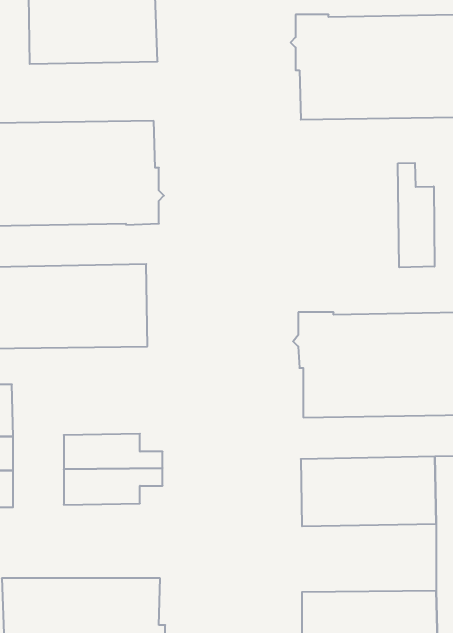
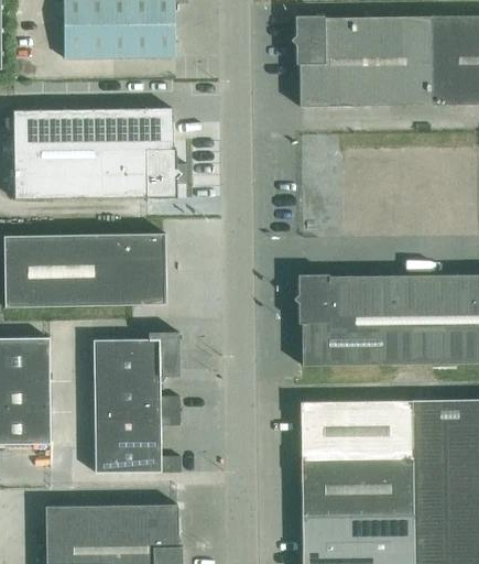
building: [398,163,434,267] -> none
building: none -> [92,333,179,381]
building: none -> [94,441,181,473]
building: none -> [301,458,417,518]

